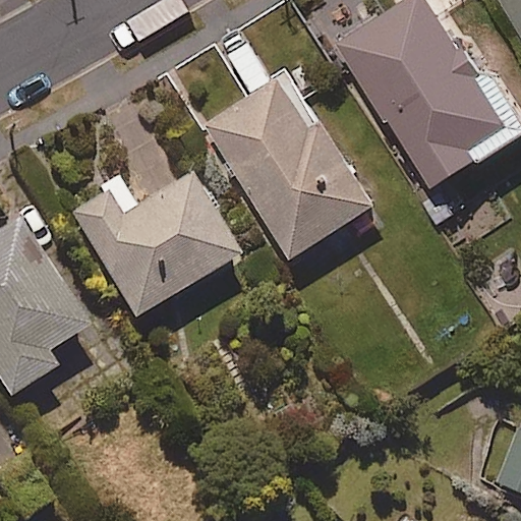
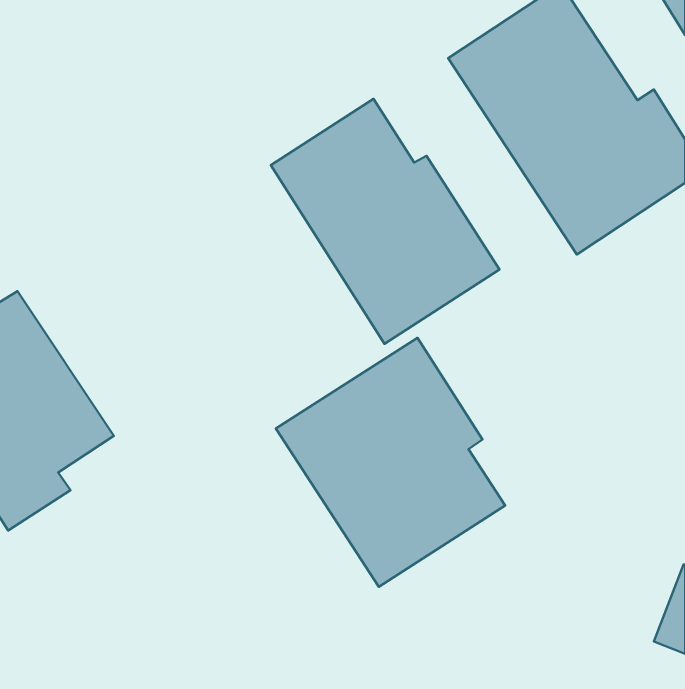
building: [68,175,237,319] -> none
building: none -> [276,338,505,587]

